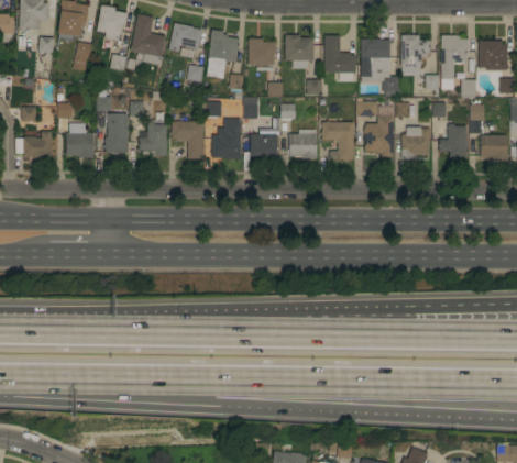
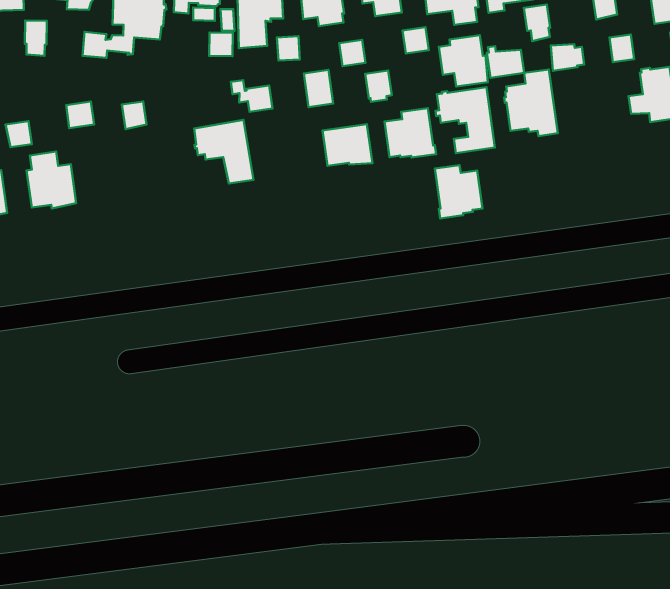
building: none -> [439,35,488,87]
building: [103,113,128,153] -> none
building: [139,113,166,155] -> none
building: [212,119,241,159] -> none
building: [400,126,430,159] -> none
building: none -> [435,165,483,218]

